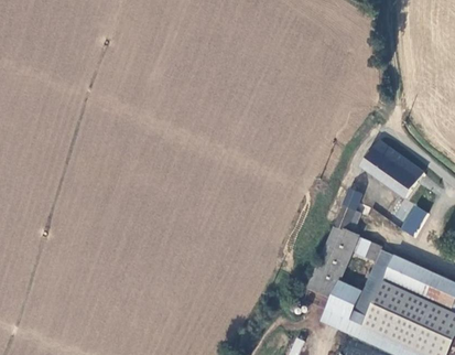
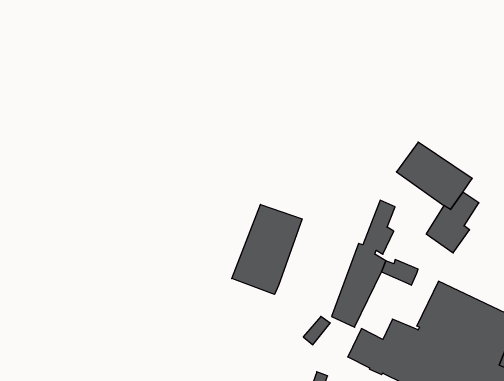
building: none -> [232,204,302,294]
building: [359,250,397,297] -> none

